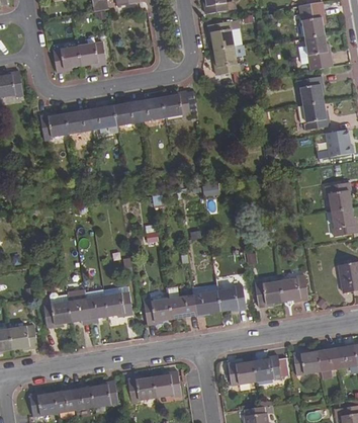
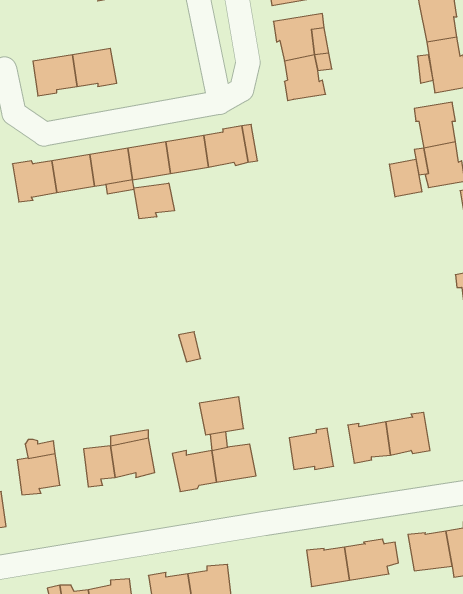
building: none -> [389,159,422,197]
building: none -> [134,183,174,219]
building: [191,290,219,315] -> [199,397,244,435]
building: [67,298,88,324] -> none

